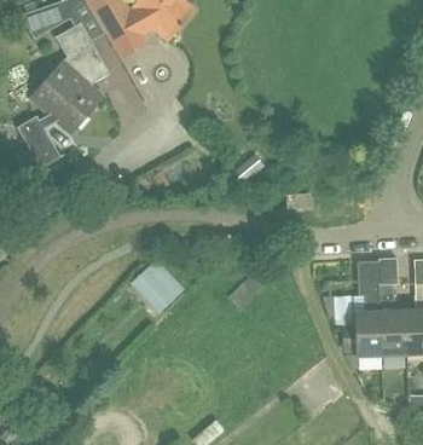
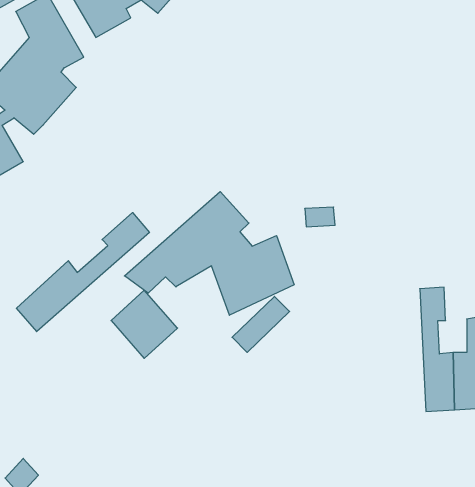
building: none -> [124,192,294,315]
building: none -> [16,213,149,332]
building: [342,259,382,357] -> none

